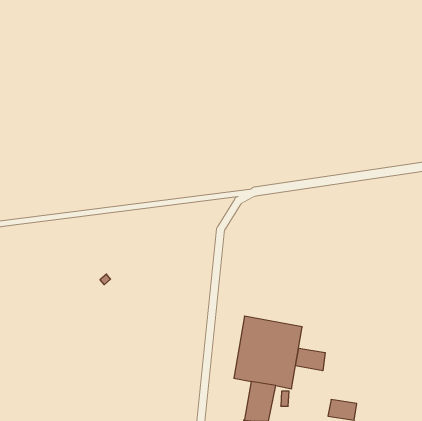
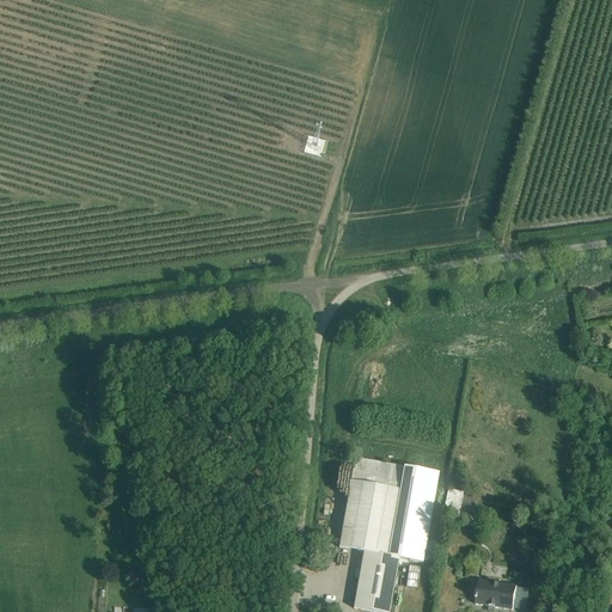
building: [295,348,325,371] -> none

